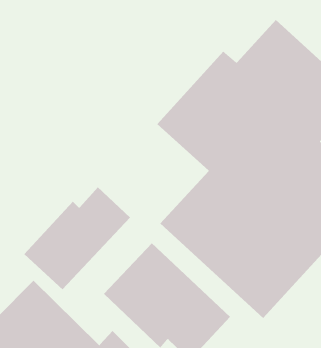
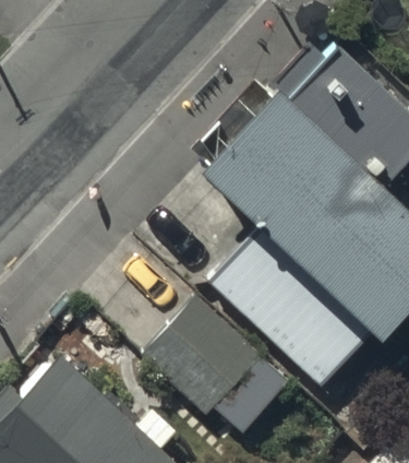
building: [24,187,131,290] -> none

